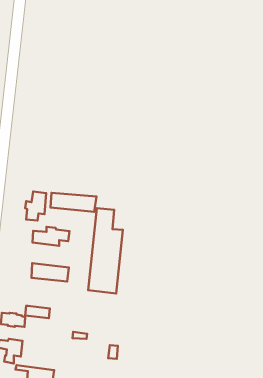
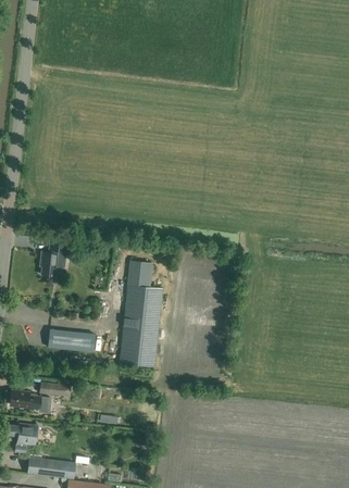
building: [50,193,97,212] -> none
building: [33,227,69,246] -> none

